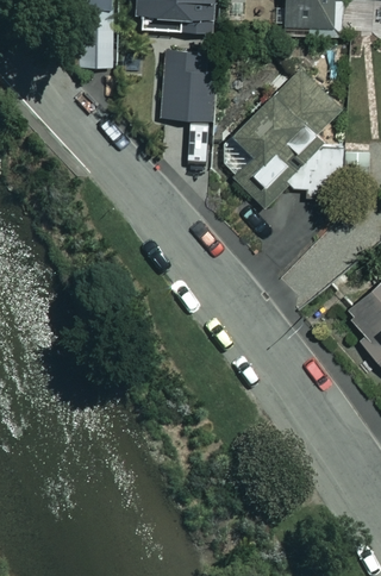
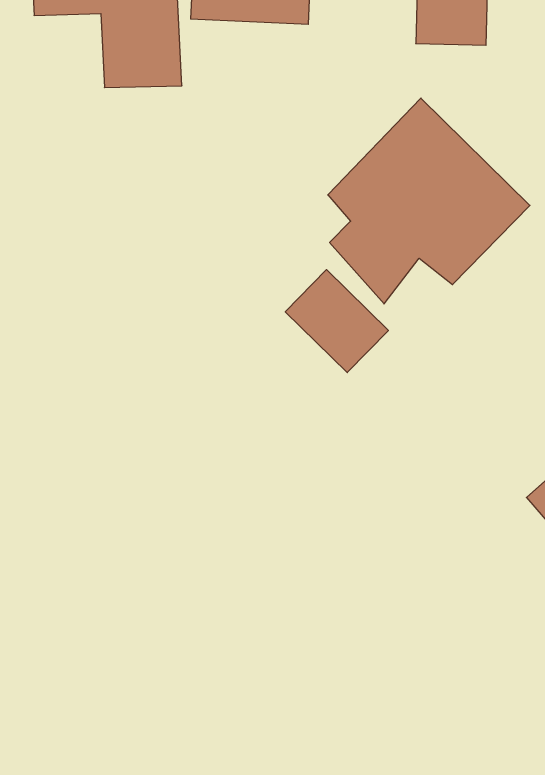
building: [163,48,218,119] -> none
building: none -> [285,270,388,373]

